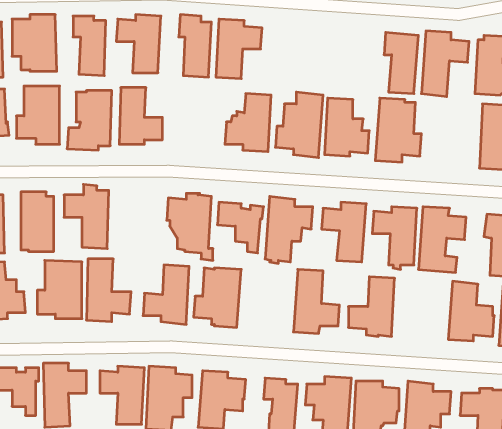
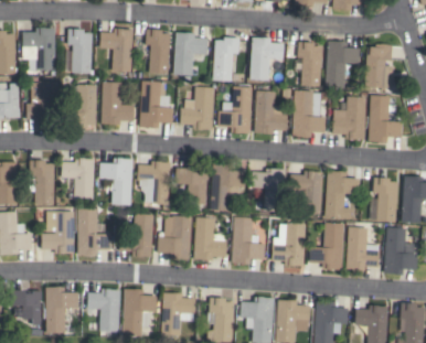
building: none -> [213,37,239,82]
building: none -> [249,37,285,82]
building: none -> [139,81,173,128]
building: none -> [332,97,366,140]
building: none -> [99,158,132,205]
building: none -> [193,217,226,260]
building: none -> [309,223,344,270]

